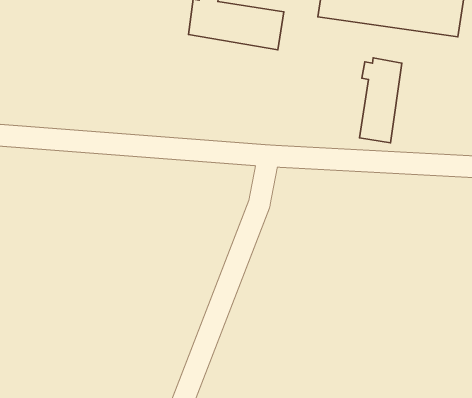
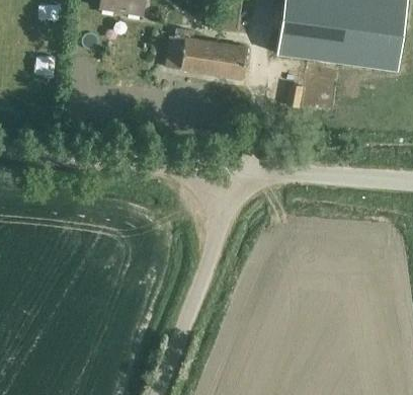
building: [360,58,402,143] -> none

